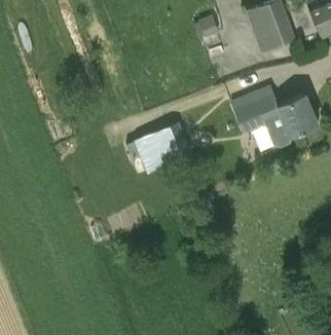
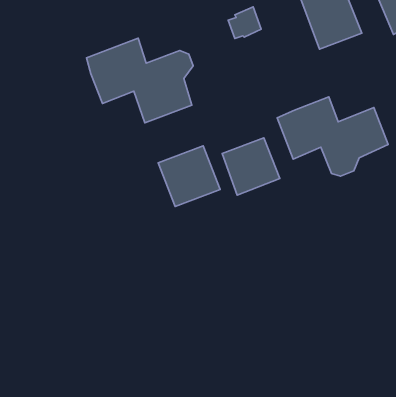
building: none -> [86,38,193,123]
building: none -> [222,138,280,195]

